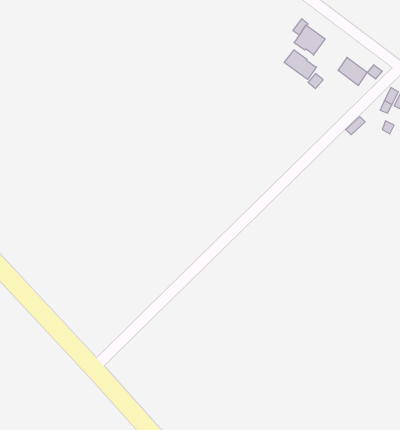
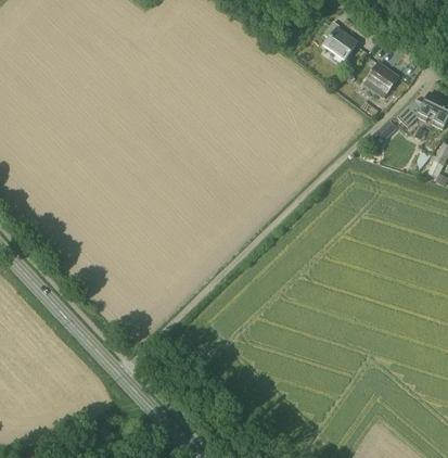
building: [284,50,316,79] -> none

